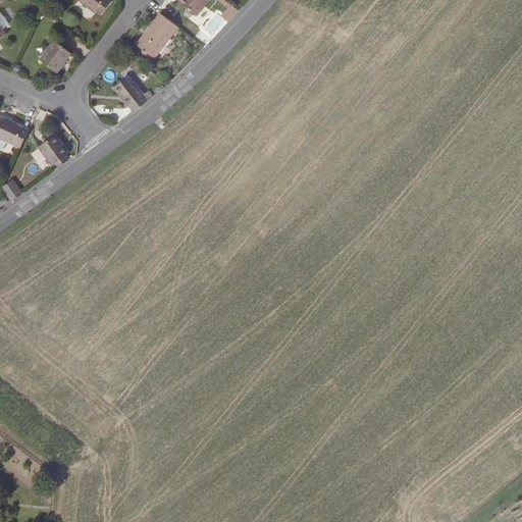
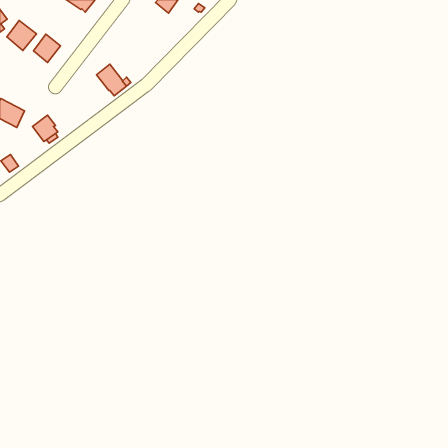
building: [136,13,176,57] -> none
building: none -> [7,20,36,51]

